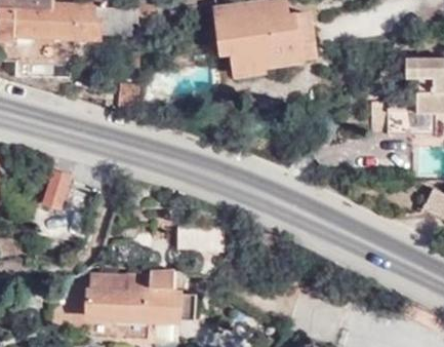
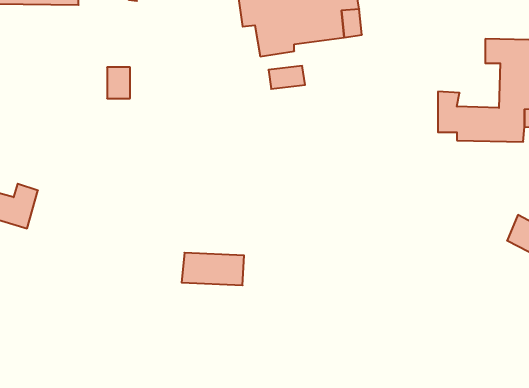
building: [81,272,196,318] -> none

